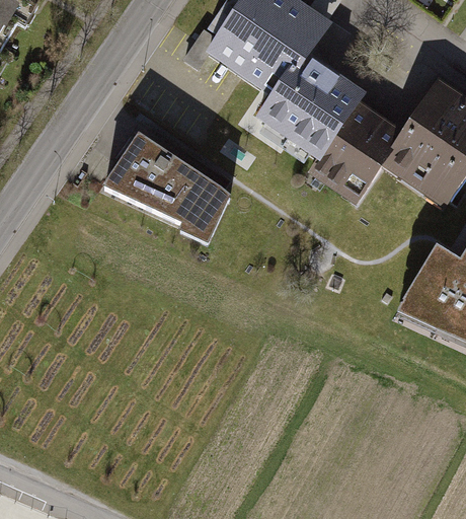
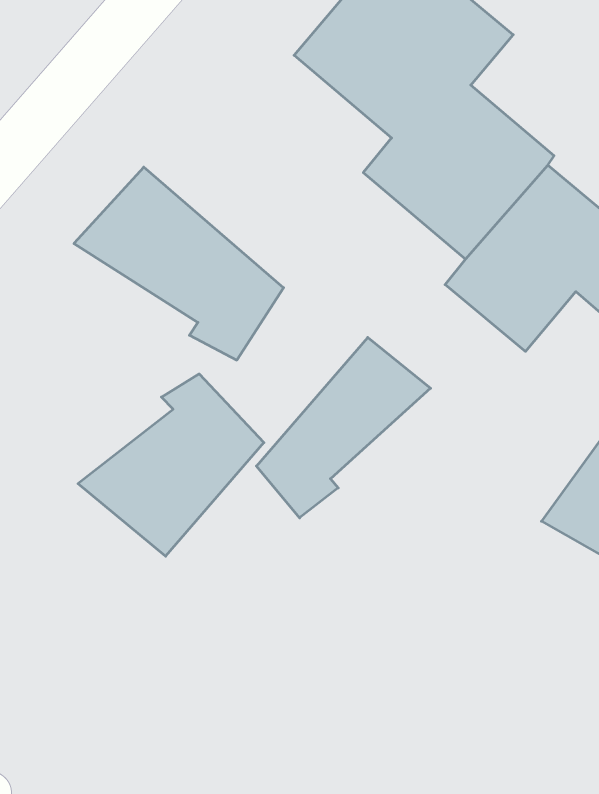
building: none -> [256,337,431,518]
building: none -> [78,374,264,556]

